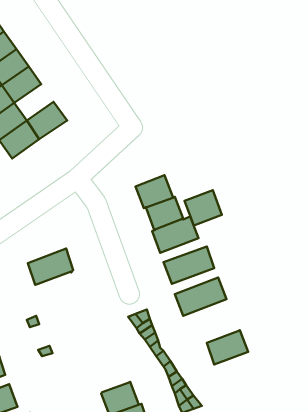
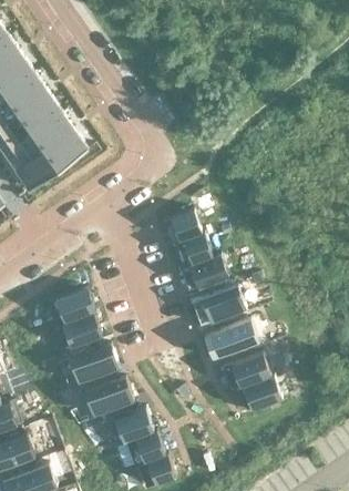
building: none -> [33,111,75,150]
building: [184,190,222,225] -> none
building: none -> [59,311,103,349]
building: none -> [71,344,121,382]
building: none -> [223,352,273,390]
building: none -> [85,377,135,415]
building: none -> [111,407,155,443]

